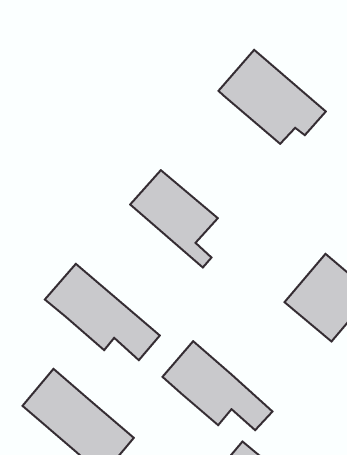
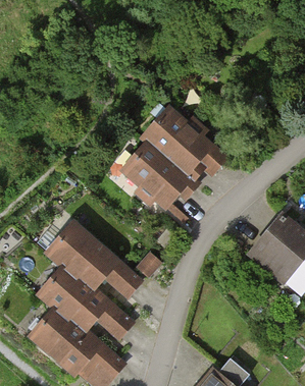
building: [218,50,326,144] -> [141,105,230,182]
building: [162,341,272,430] -> [41,264,132,337]

